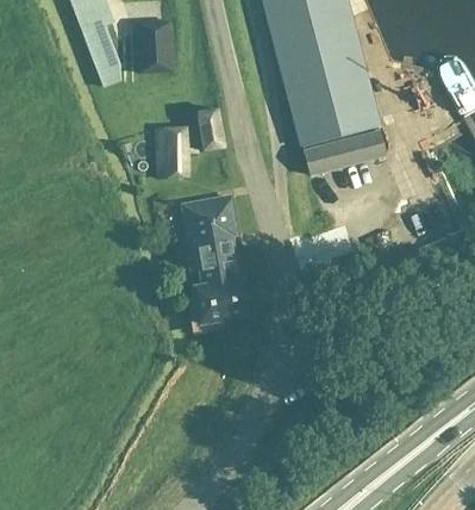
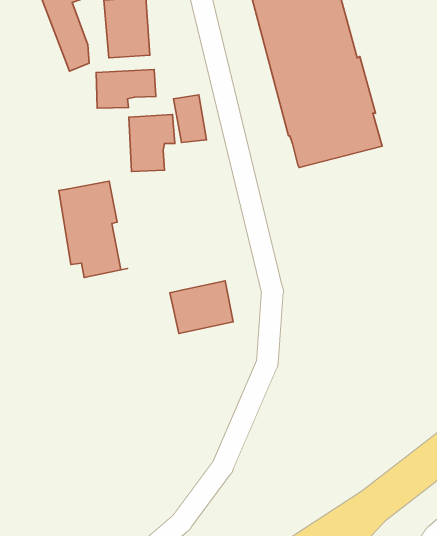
building: none -> [96,70,156,108]
building: [182,197,244,284] -> [59,181,128,278]

